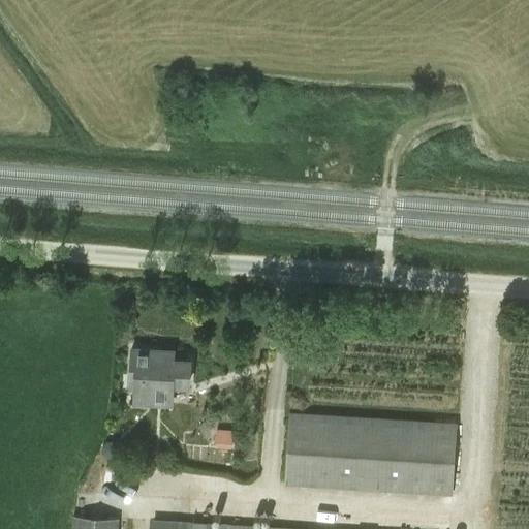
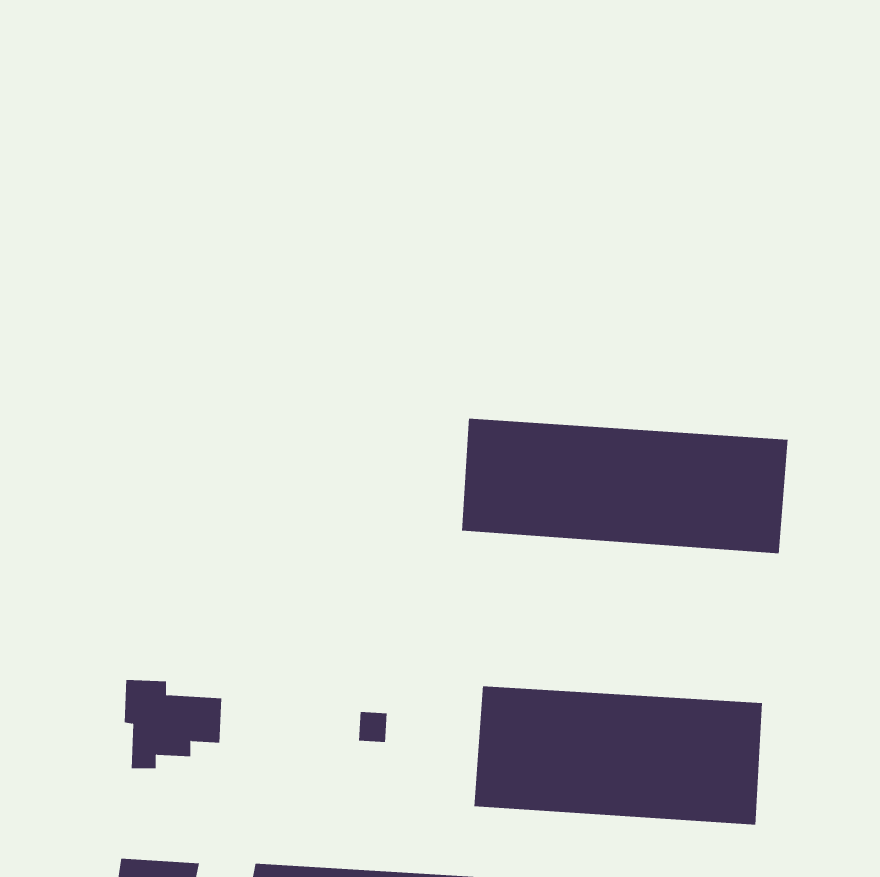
building: none -> [462,418,788,554]
building: [131,350,190,404] -> [124,679,222,769]

